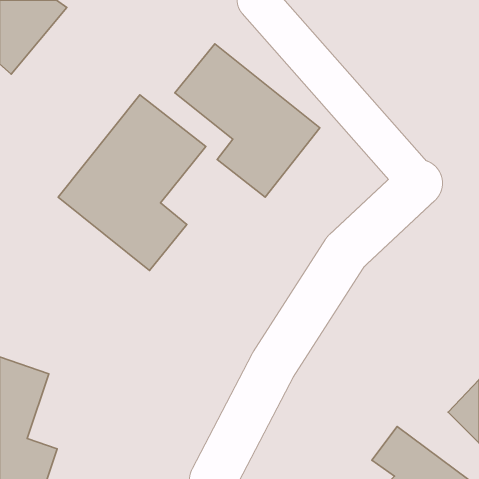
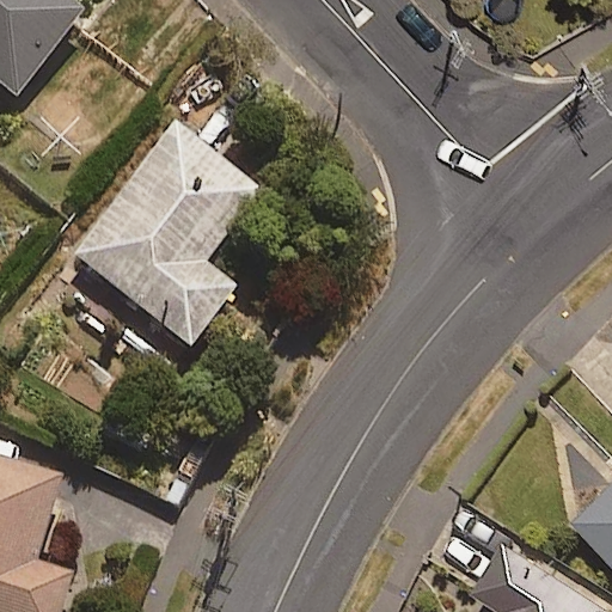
building: [175,44,320,197] -> none

